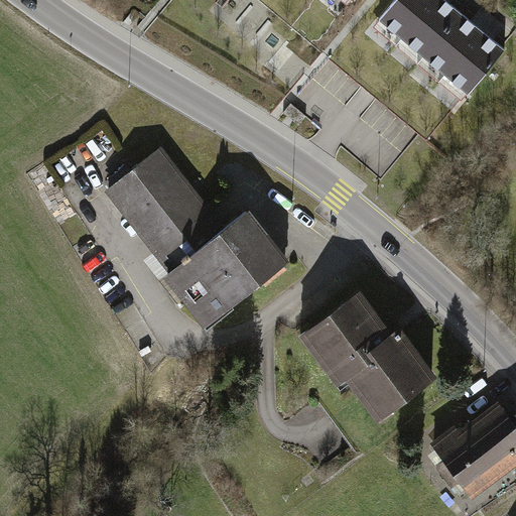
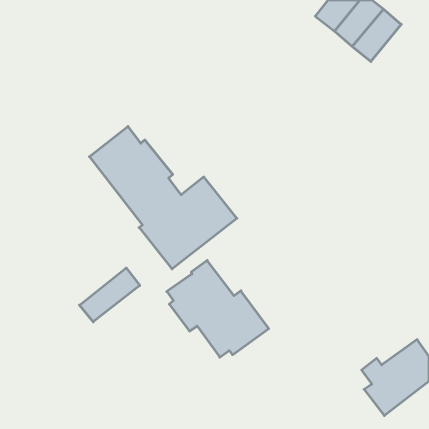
building: [443,31,503,95] -> none
building: [308,295,430,411] -> [167,260,269,357]
building: none -> [79,268,140,322]

